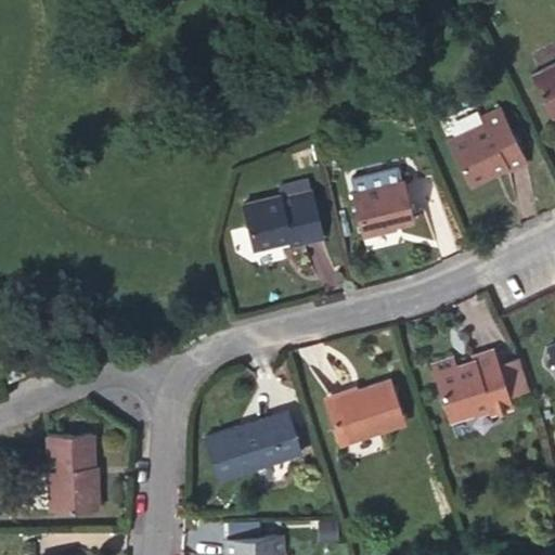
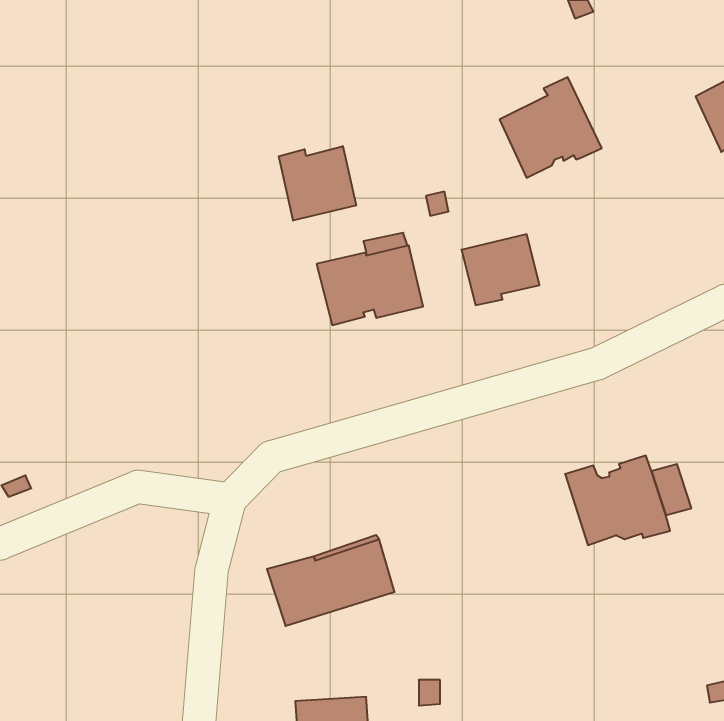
building: [450,109,528,186] -> [500,77,602,178]
building: none -> [279,146,356,221]
building: [326,380,405,446] -> none
building: [49,434,99,512] -> none

